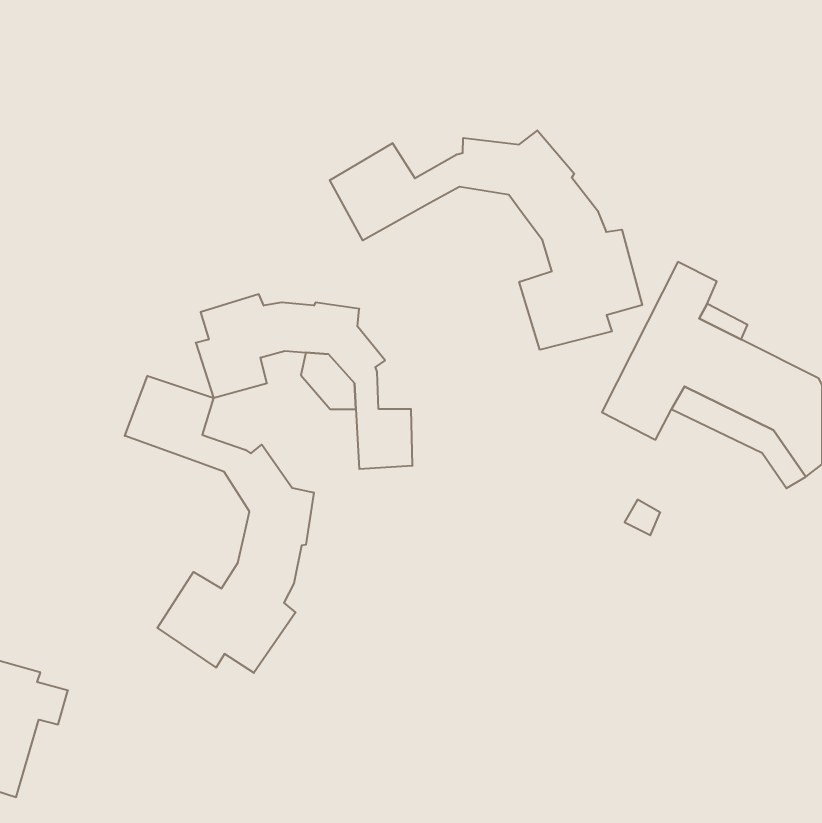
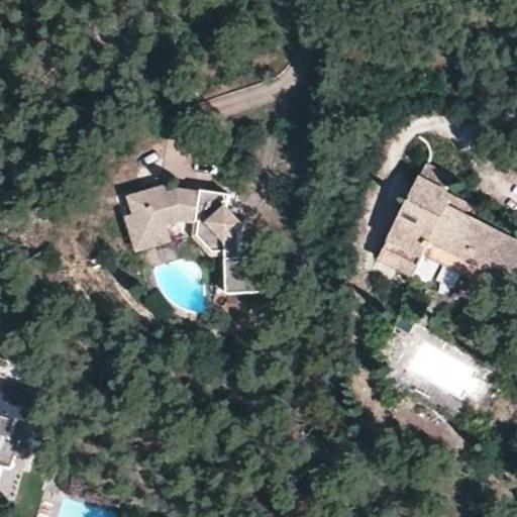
building: [330,130,642,350] -> none
building: [125,376,314,673] -> none

